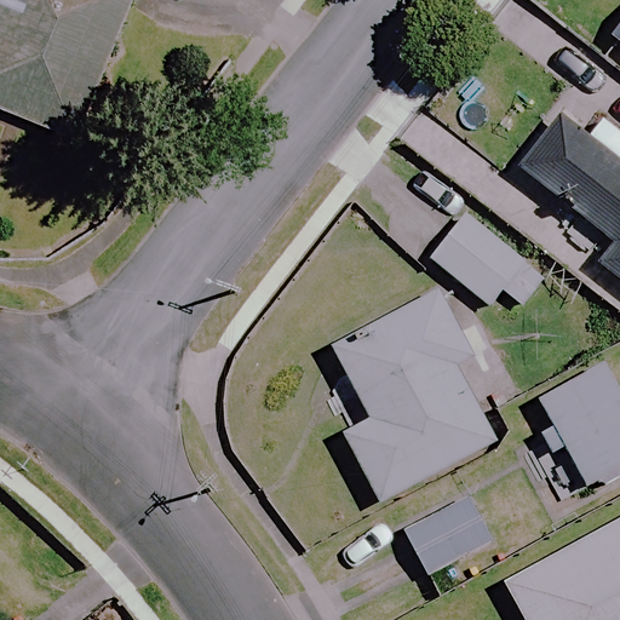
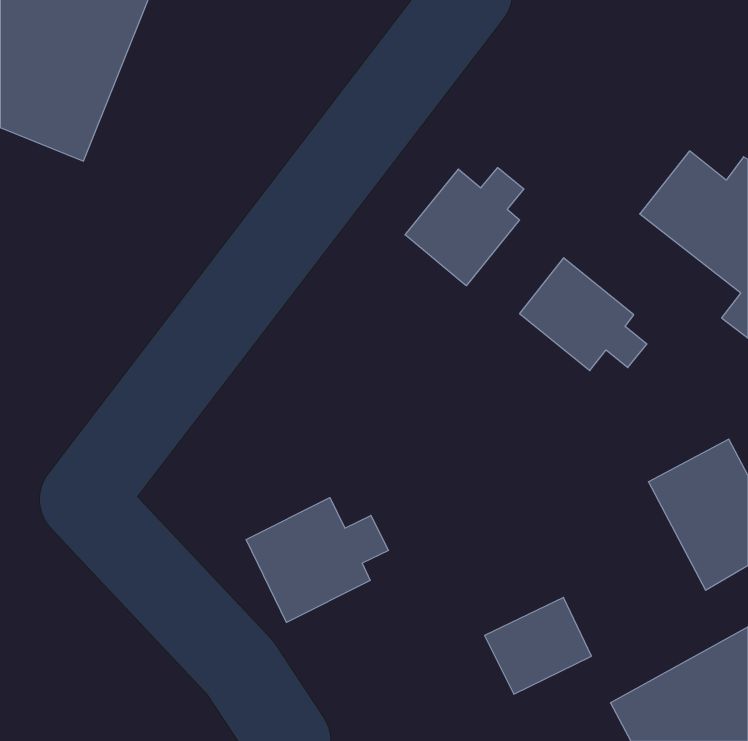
building: none -> [405,168,524,286]
building: [333,291,496,499] -> none
building: none -> [246,498,388,622]

